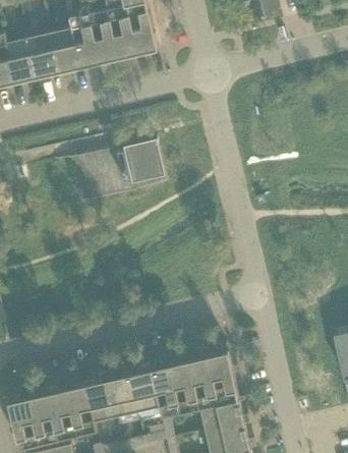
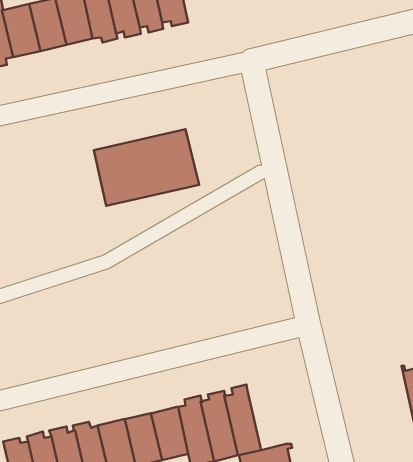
building: [206,344,237,402] -> none

